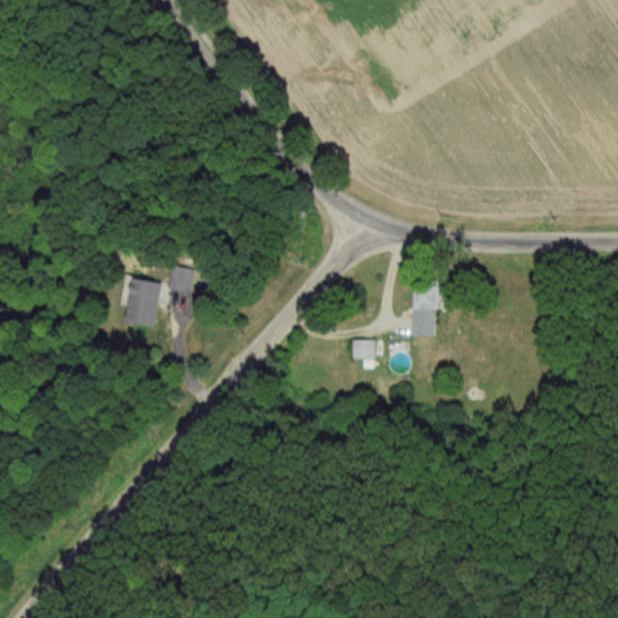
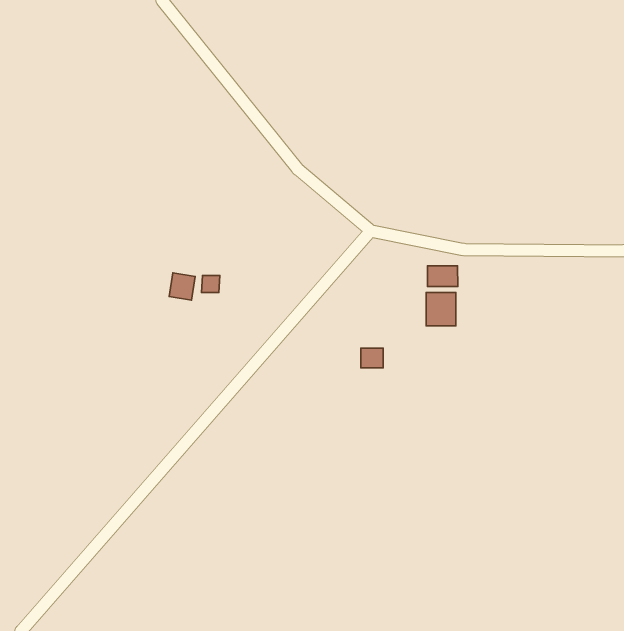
building: none -> [427,266,458,286]
building: [126,280,161,328] -> none

